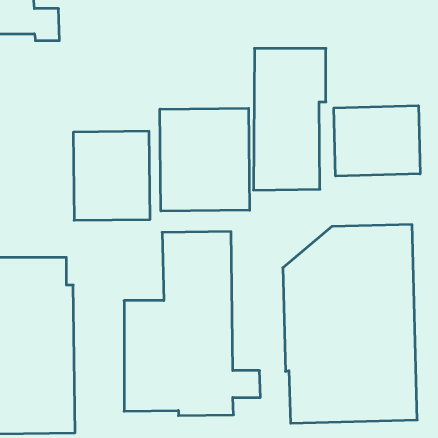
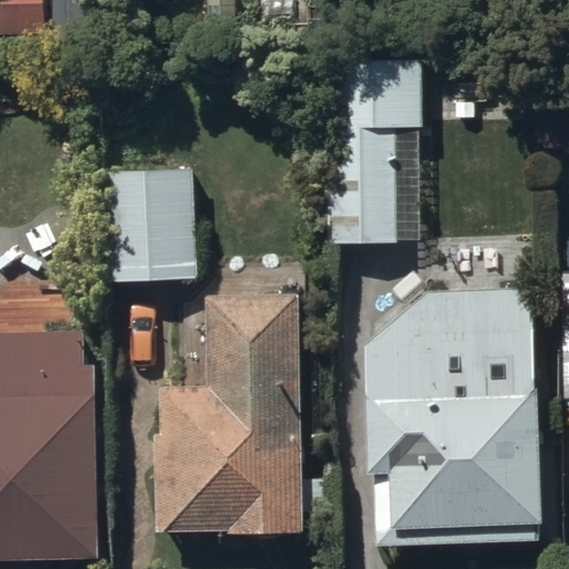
building: [334,106,420,176] -> none
building: [160,108,250,211] -> none

